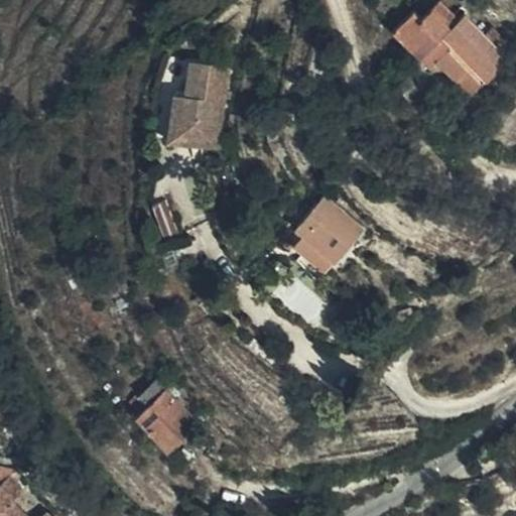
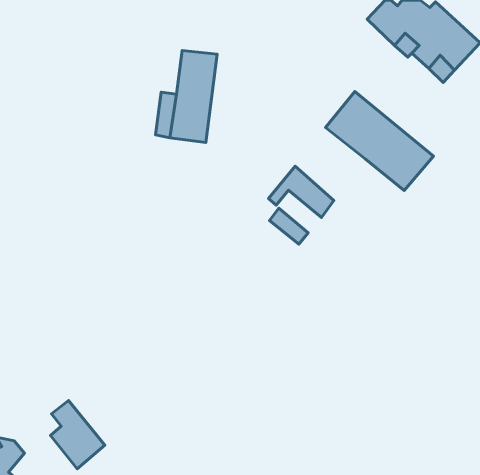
building: none -> [325,92,433,191]
building: [293,213,342,258] -> none
building: [133,376,190,448] -> [51,401,105,469]

